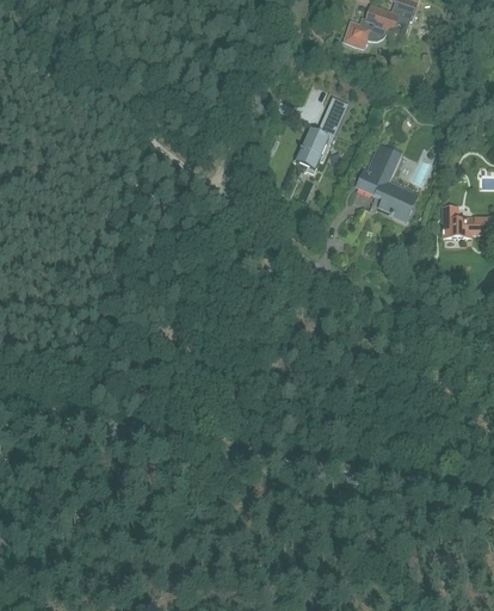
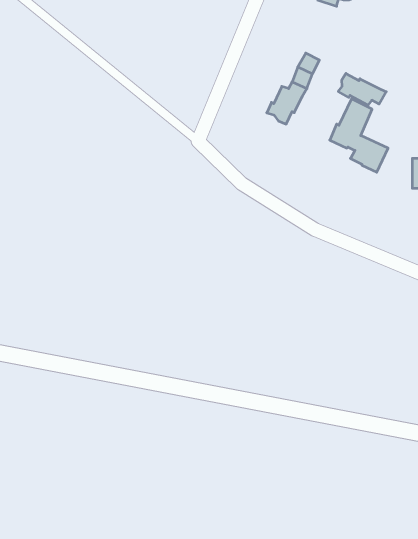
building: none -> [338,73,386,105]

